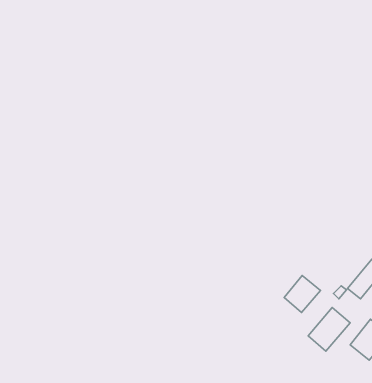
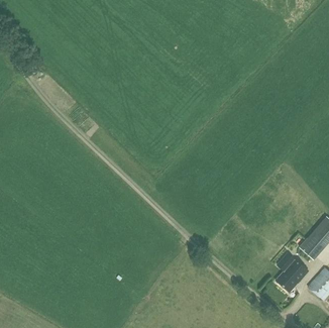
building: [284,276,321,313] -> none

